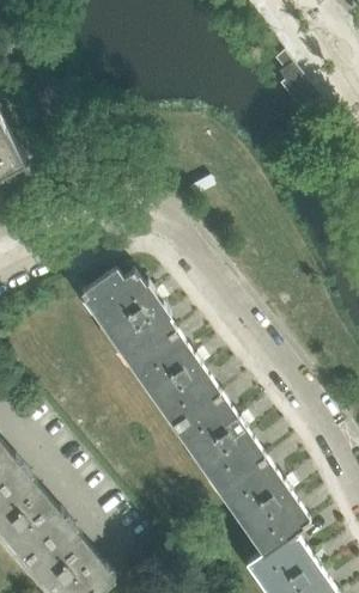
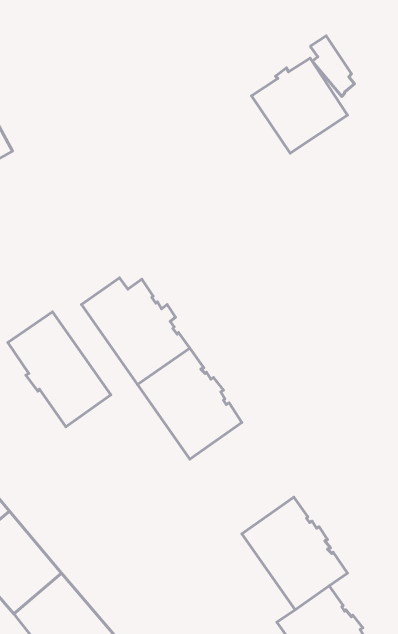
building: none -> [251,58,348,153]
building: none -> [8,312,111,427]
building: [175,395,263,489] -> none

